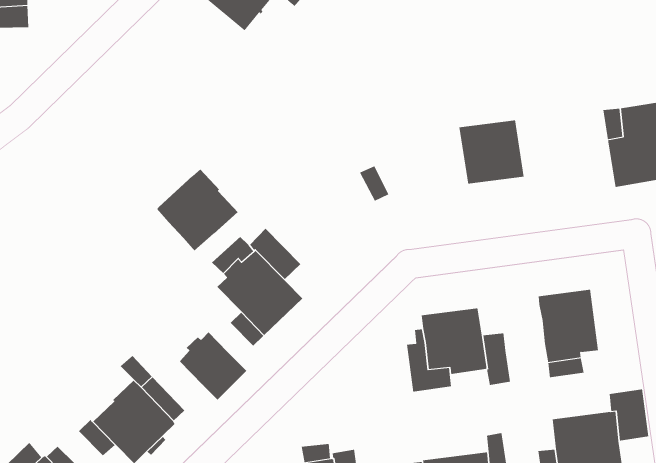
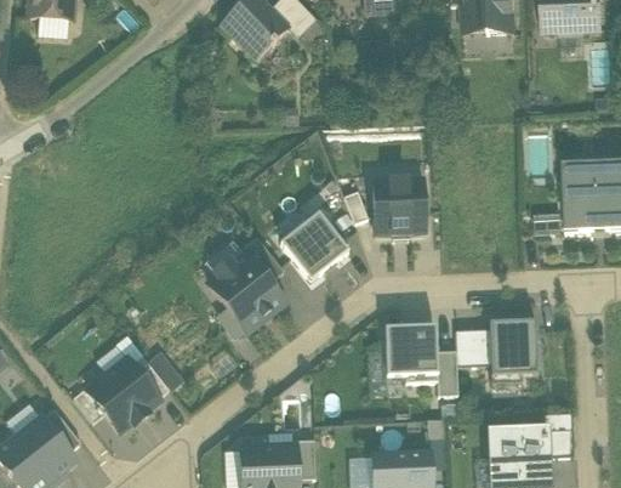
building: [459,120,525,184] -> [372,180,426,232]
building: [156,169,238,251] -> none
building: none -> [280,212,348,280]
building: none -> [455,328,490,365]
building: [179,331,247,401] -> none

